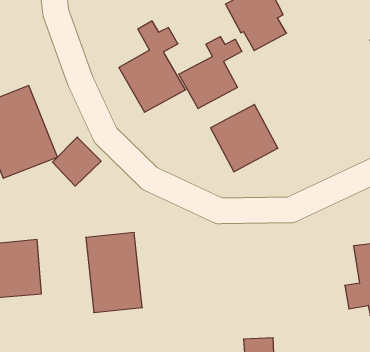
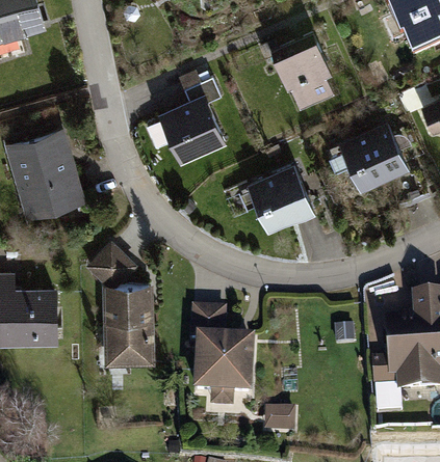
building: [179,37,242,109] -> none
building: none -> [340,121,409,191]
building: [52,137,101,186] -> [85,239,136,290]
building: none -> [190,308,254,409]

